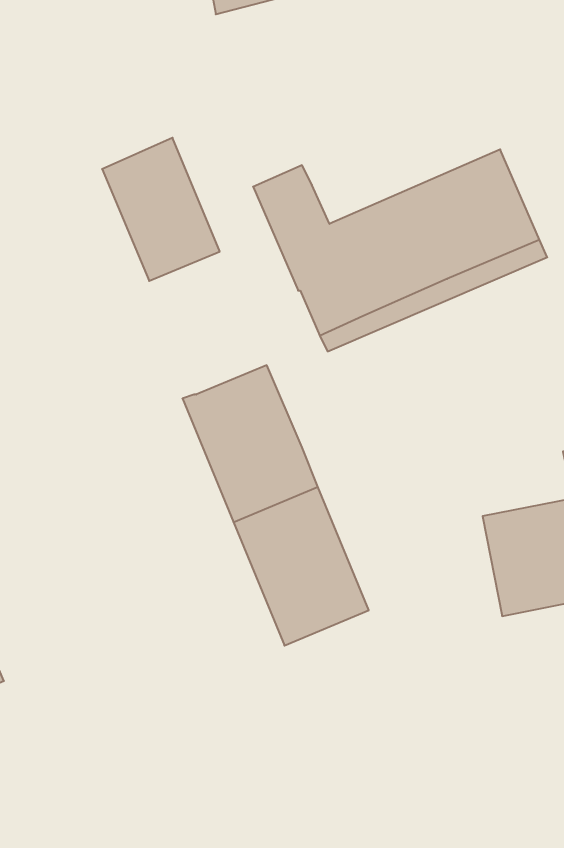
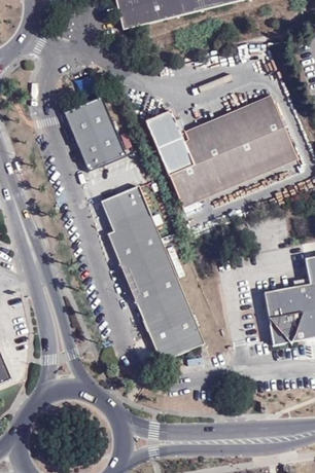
building: none -> [173,93,272,140]
building: none -> [100,184,149,229]

